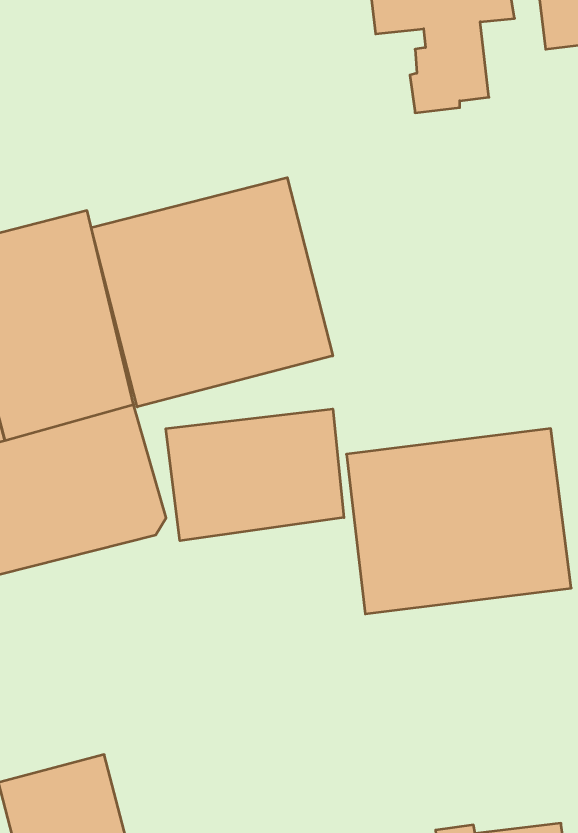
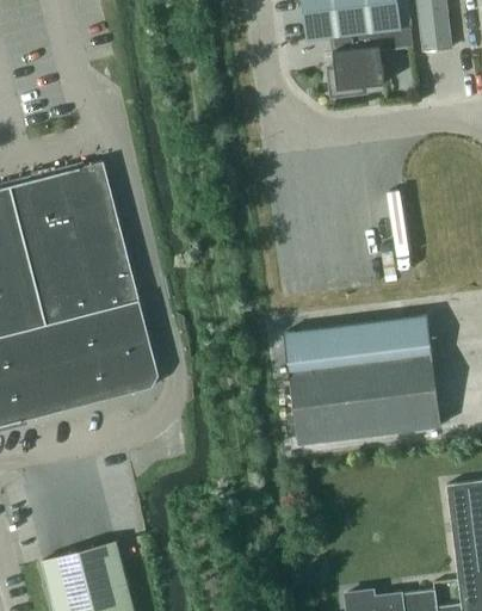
building: [91,178,333,407] -> none
building: [166,409,344,541] -> none

